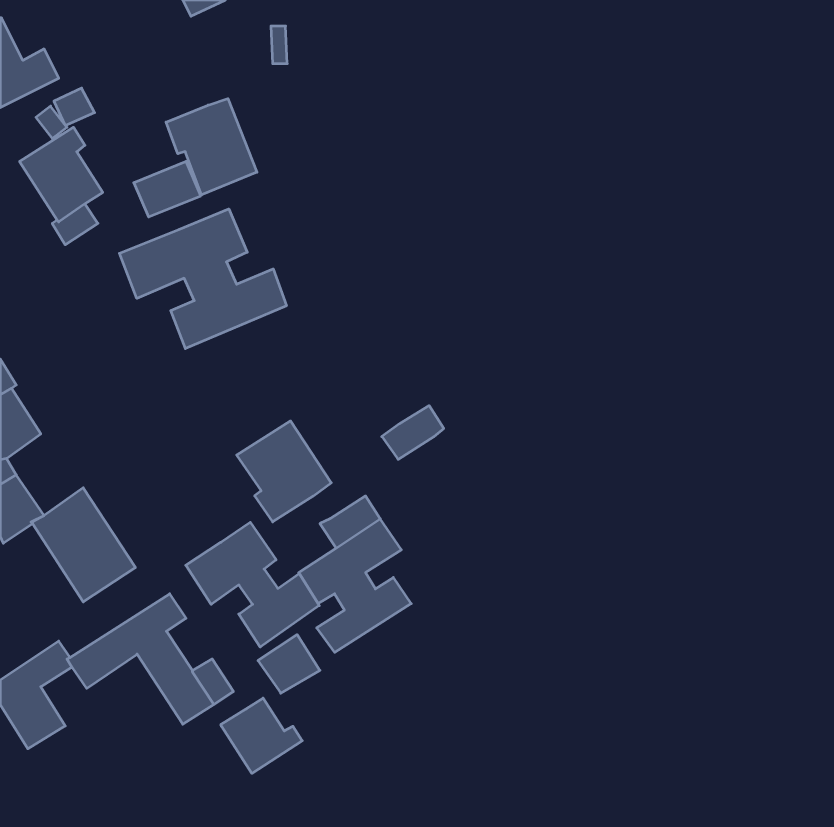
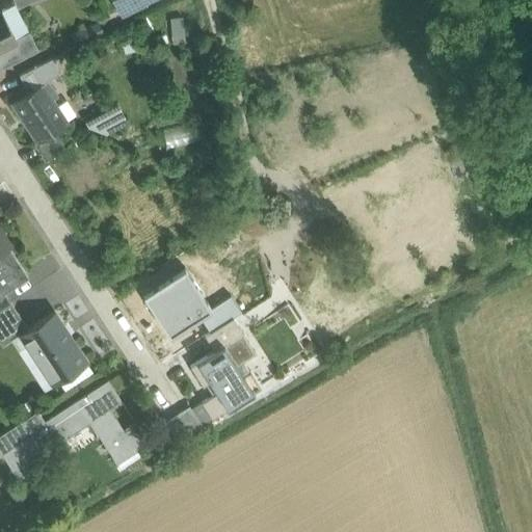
building: [166,99,257,195] -> none
building: [119,209,286,349] -> none
building: [382,406,444,459] -> [200,300,239,335]
building: [186,522,319,647] -> none
building: [221,698,302,773] -> none

